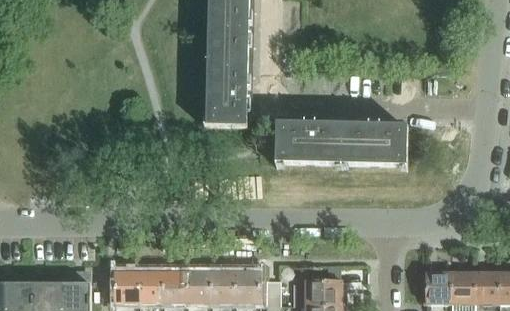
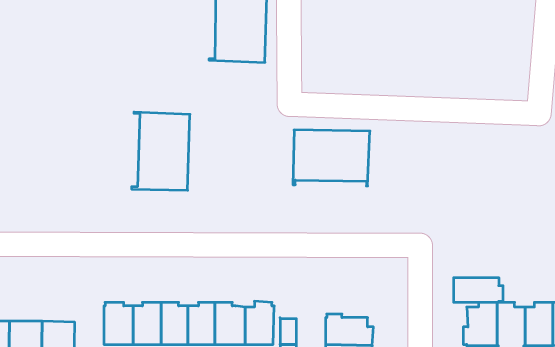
building: [201,60,251,127] -> [132,112,190,190]
building: [339,121,405,169] -> none
building: none -> [454,278,503,302]

